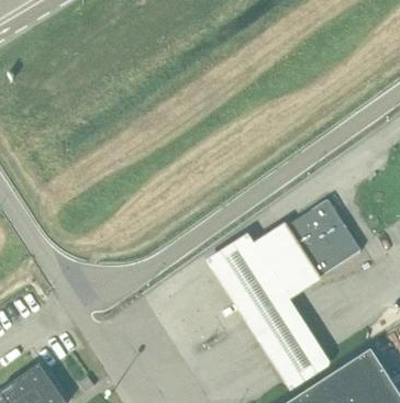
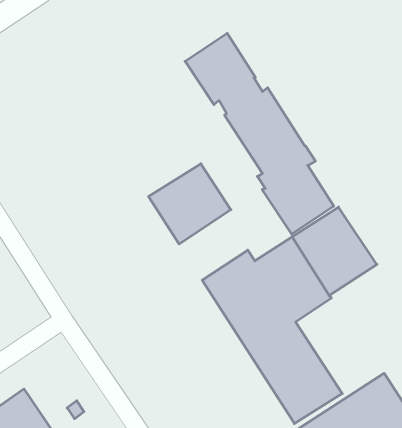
building: none -> [185,33,334,234]
building: none -> [149,164,231,244]

